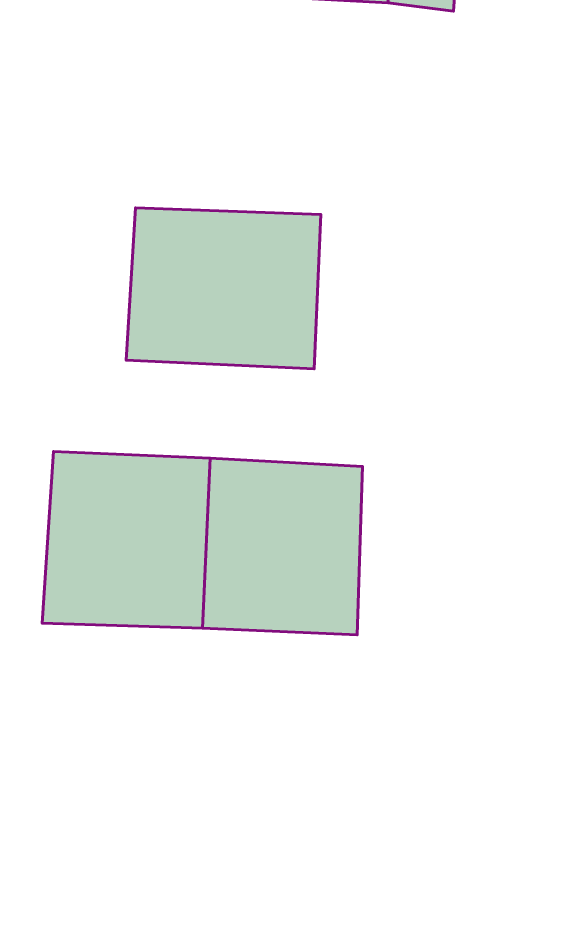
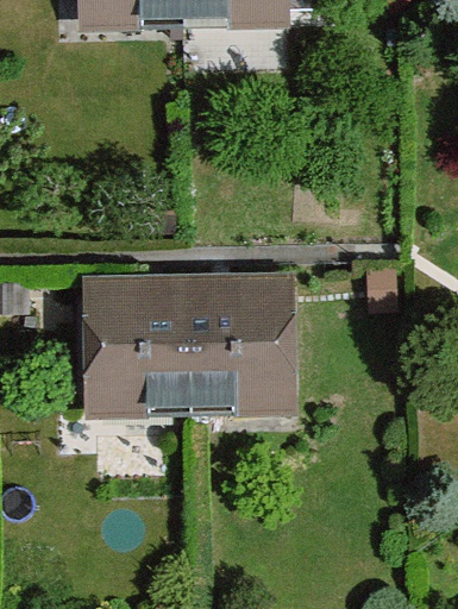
building: [126,208,321,369] -> none

